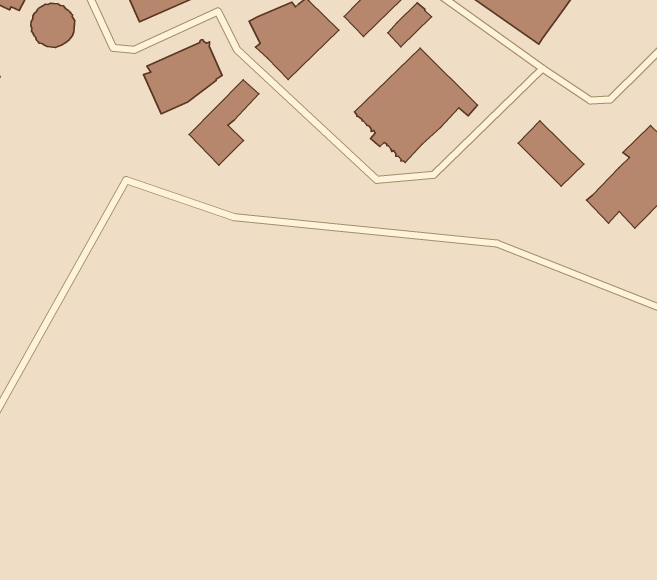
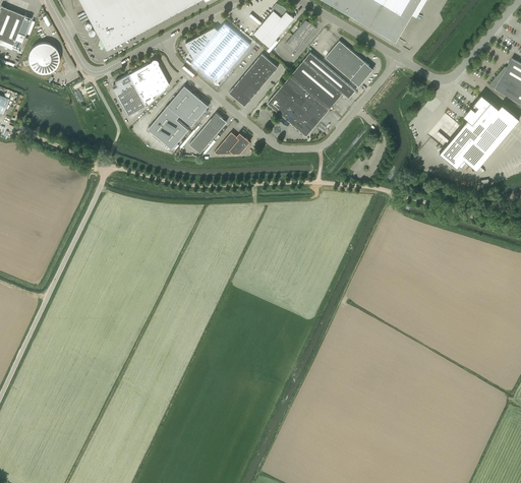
building: none -> [229,54,278,107]
building: none -> [180,96,208,125]
building: none -> [189,113,227,154]
building: [518,121,584,186] -> [325,41,373,86]
building: none -> [214,132,248,155]

